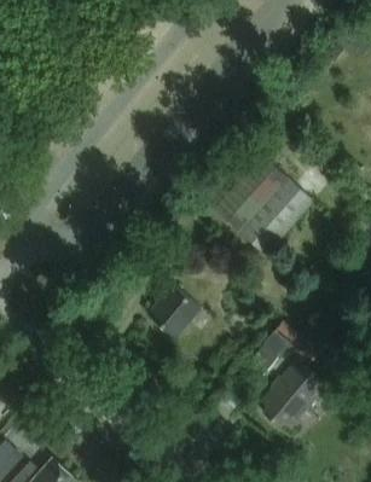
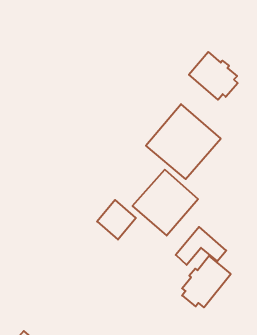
building: none -> [189,52,238,100]
building: none -> [133,170,198,236]

